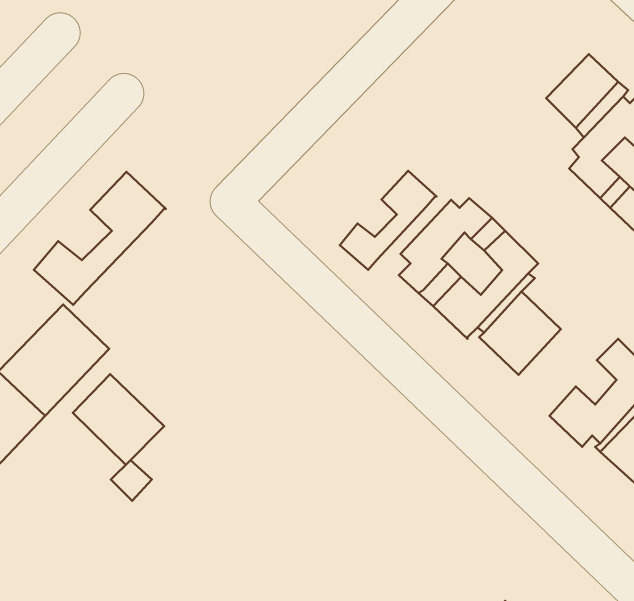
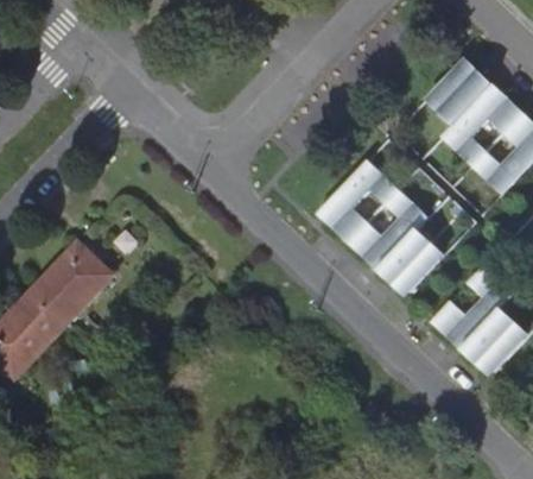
building: [340,171,436,270] -> none
building: [34,172,166,305] -> none
building: [73,374,164,465] -> none

